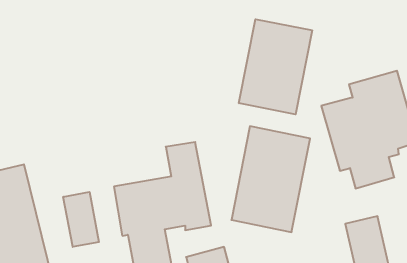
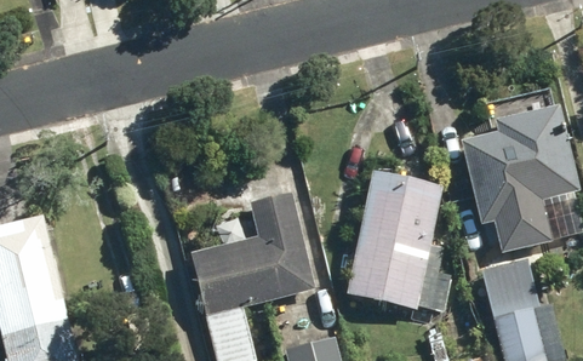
building: [239,19,312,114] -> none
building: [63,192,99,247] -> none

